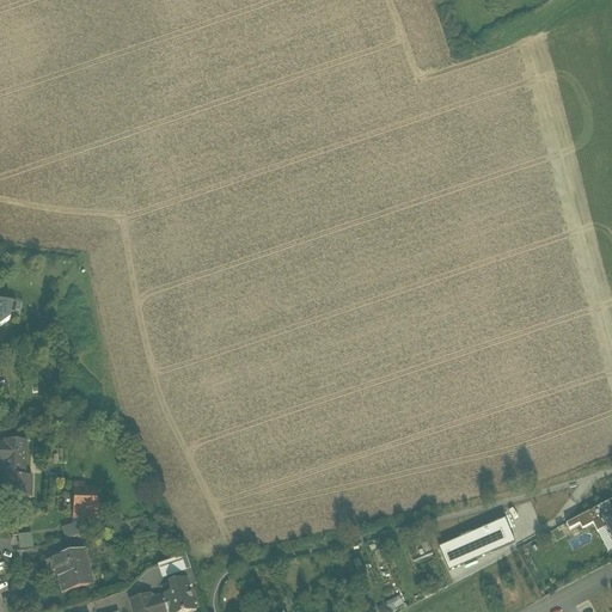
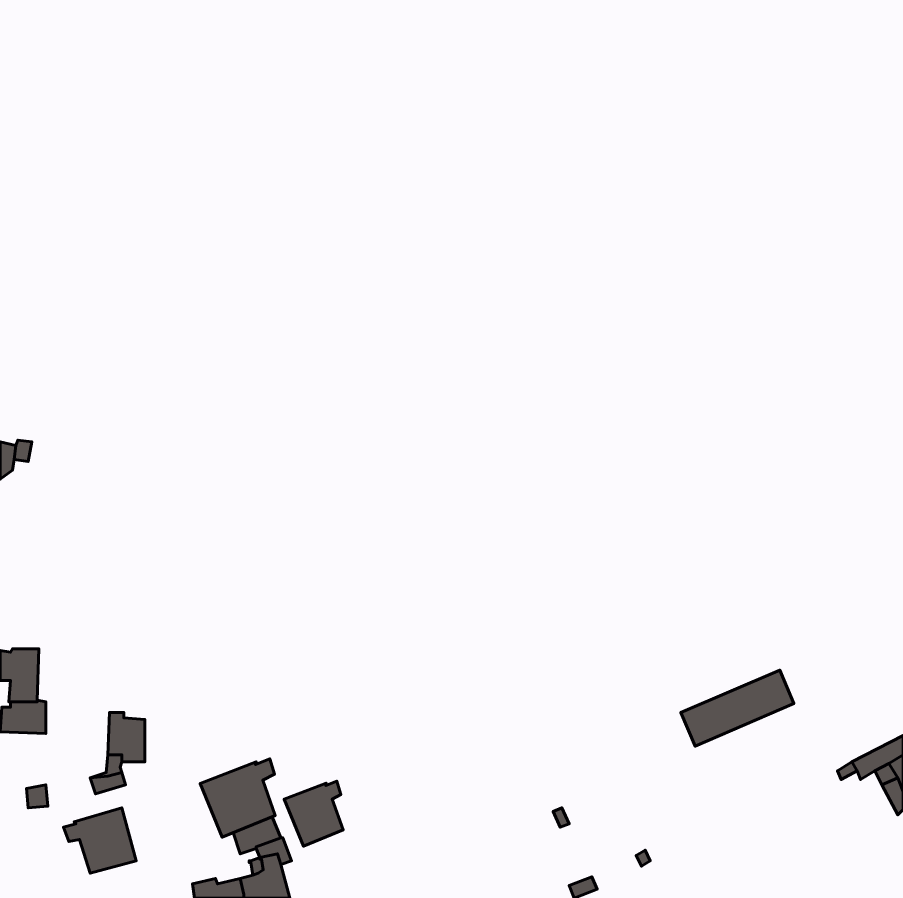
building: none -> [200,759,275,837]
building: [439,516,515,568] -> [681,670,794,746]
building: none -> [284,781,343,846]

